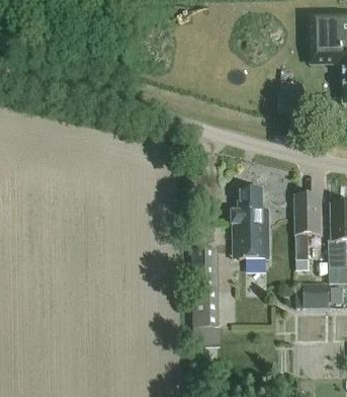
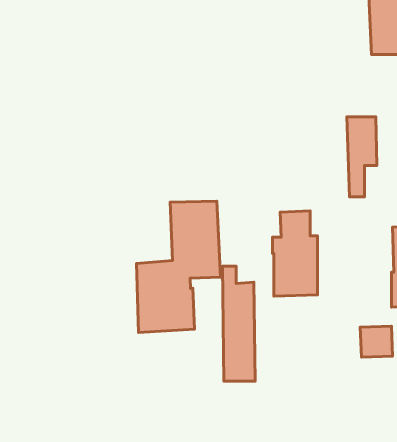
building: none -> [136,201,220,332]
building: [294,194,319,259] -> [347,117,377,197]

